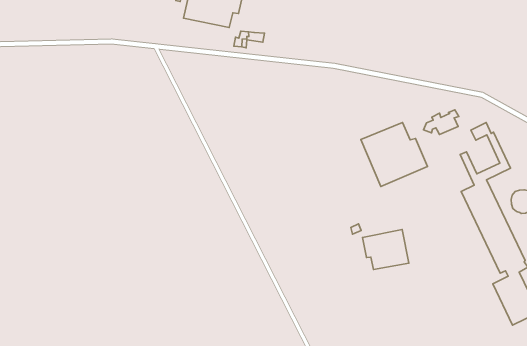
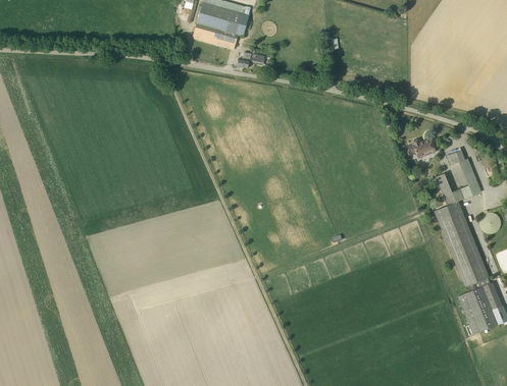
building: [361,123,427,187] -> none
building: [362,230,409,270] -> none

